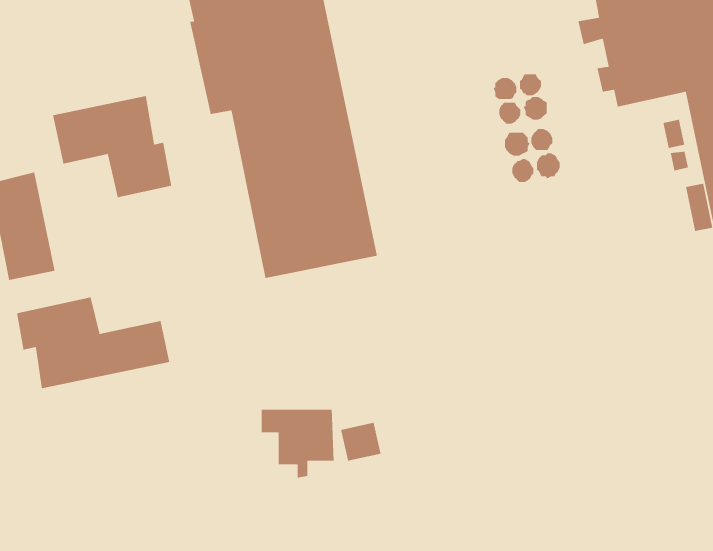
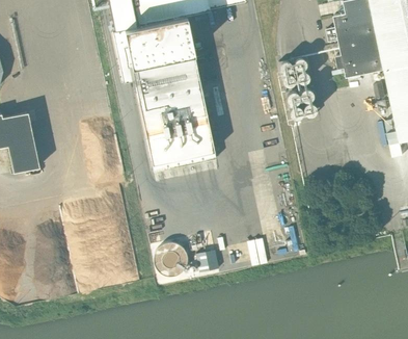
building: [52,95,172,198] -> none
building: [16,296,170,389] -> none

